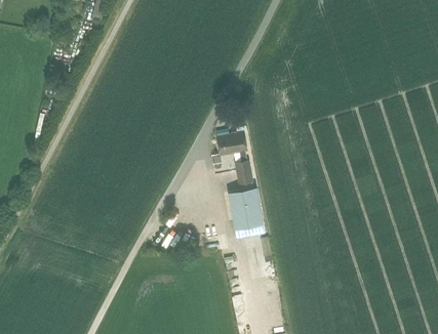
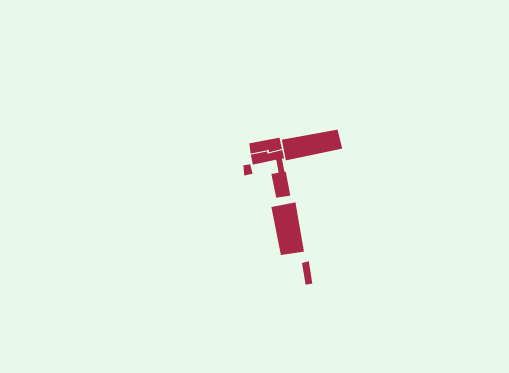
building: none -> [281,129,343,161]

